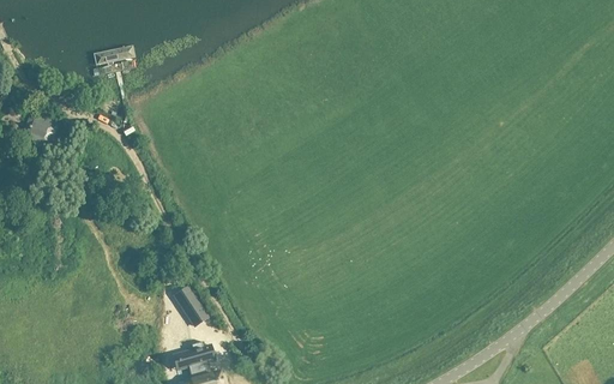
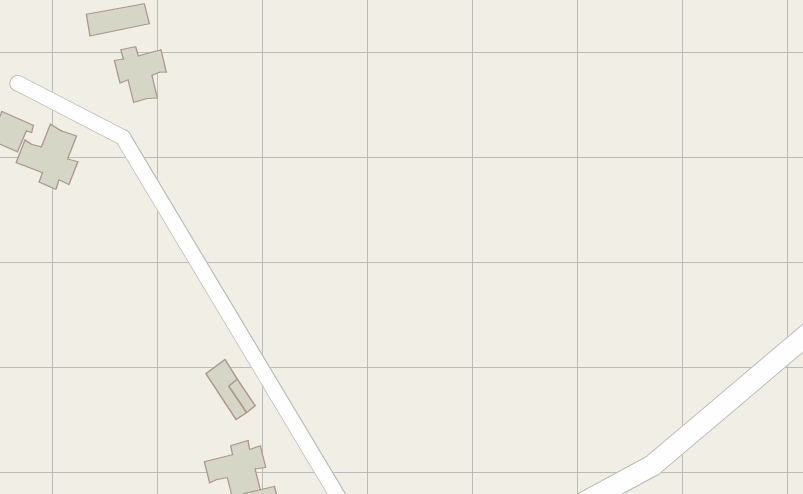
building: none -> [115,47,166,103]
building: none -> [16,124,78,189]

